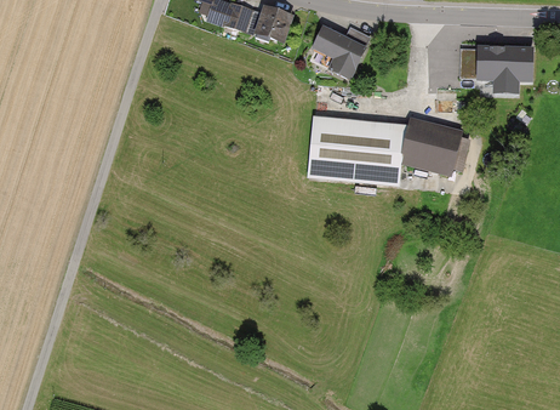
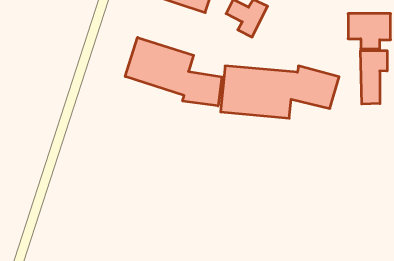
building: none -> [125,37,222,106]
building: none -> [361,51,387,104]

